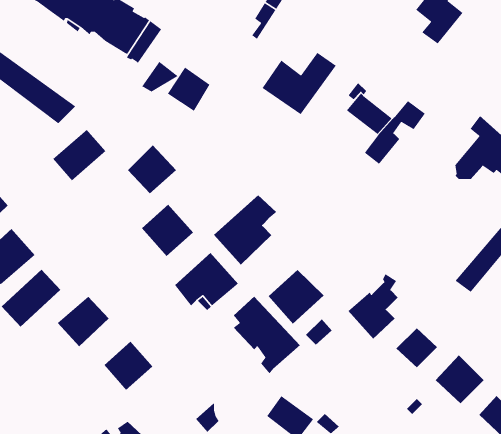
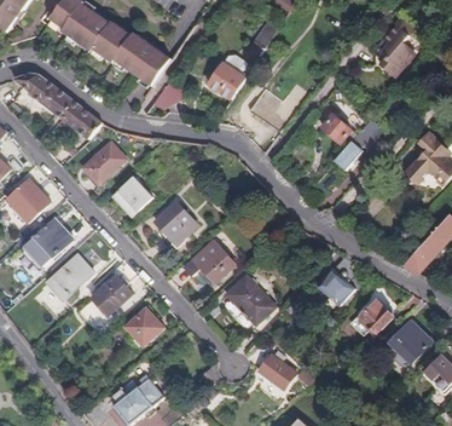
building: [167,67,211,112] -> [209,62,244,98]
building: [127,144,177,194] -> [112,175,152,215]
building: [213,195,277,265] -> none
building: [268,269,325,324] -> none

